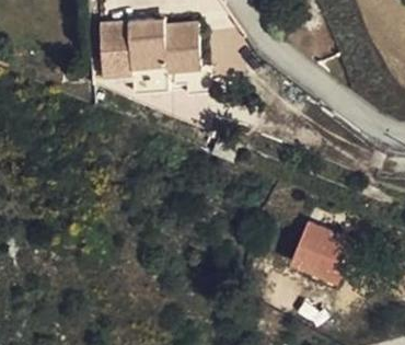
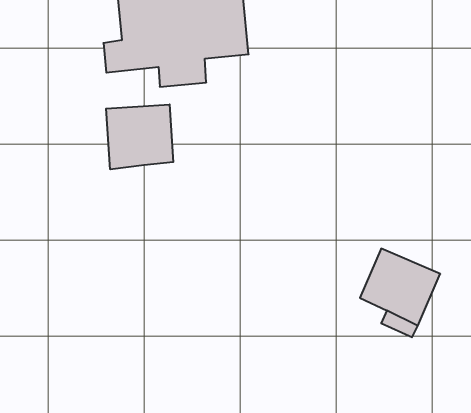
building: none -> [106,104,173,169]

